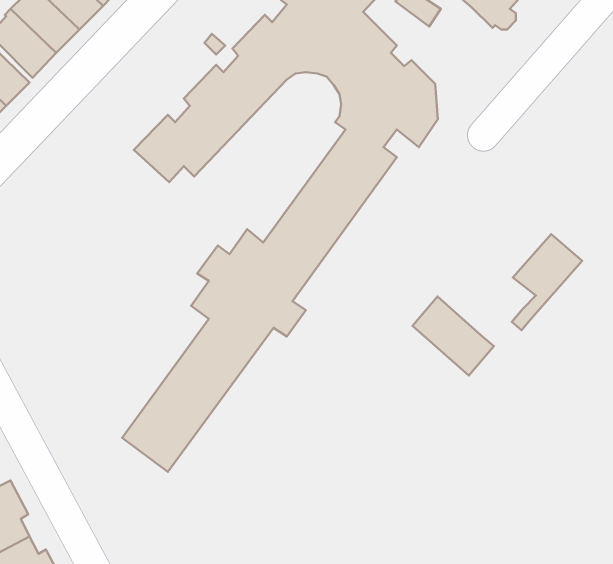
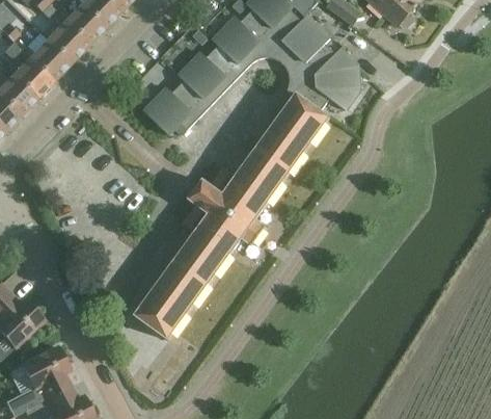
building: [512,234,582,330] -> none
building: [413,297,494,375] -> none

